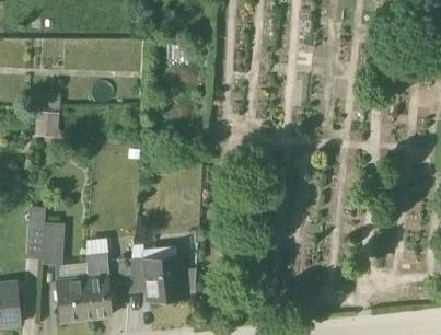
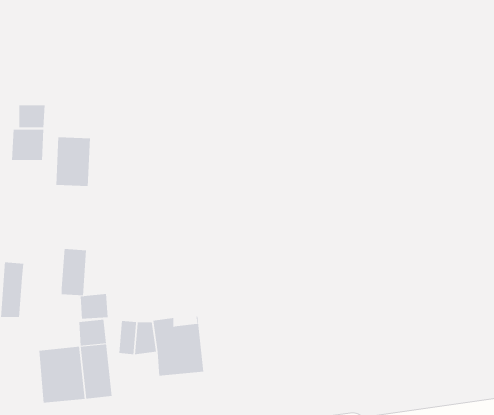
building: none -> [56,136,91,187]
building: [43,226,62,262] -> [61,249,87,296]

